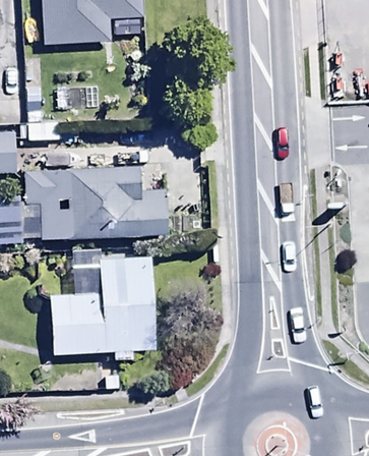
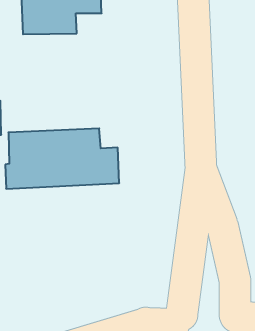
building: [51,254,155,358] -> none

